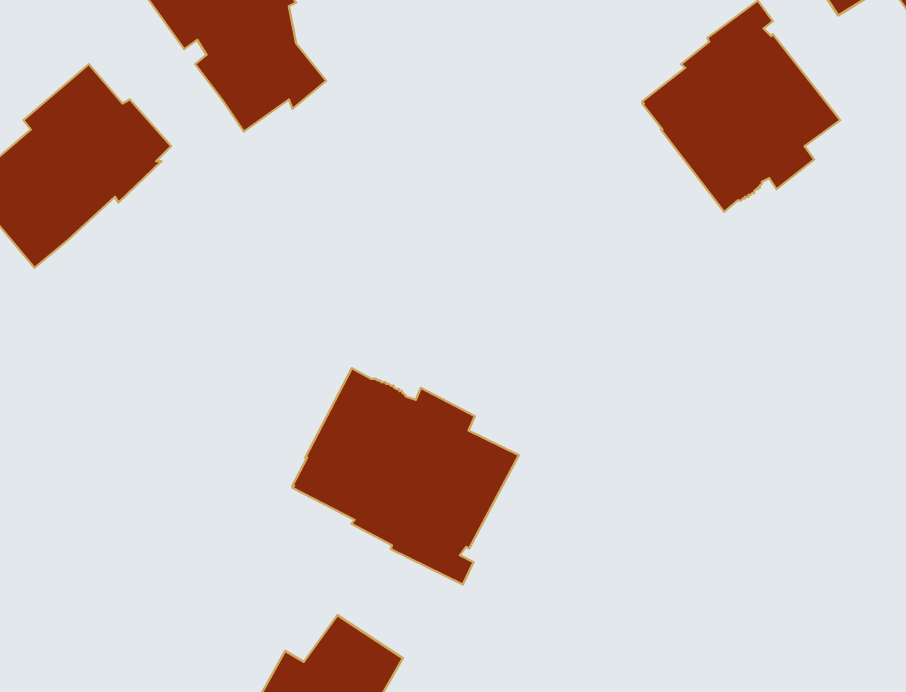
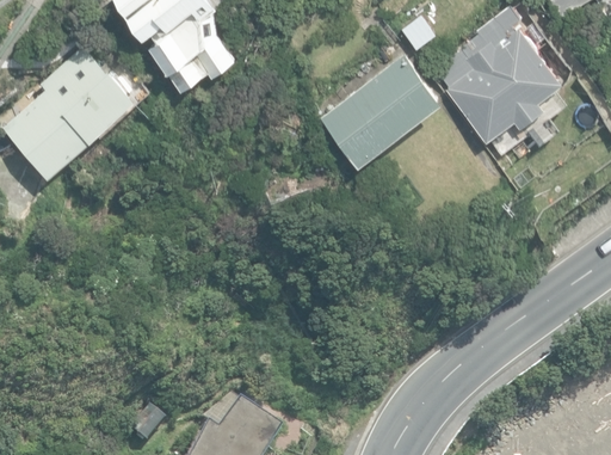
building: none -> [320,55,440,168]
building: [292,368,519,584] -> none

